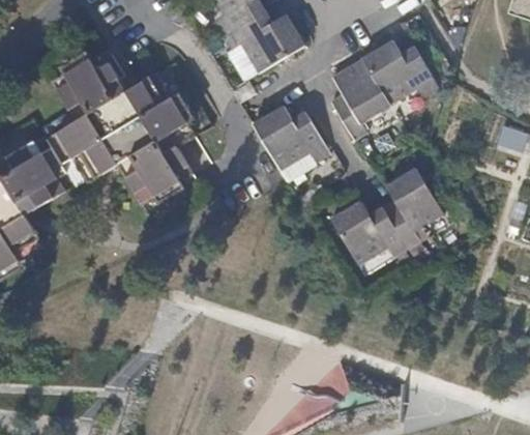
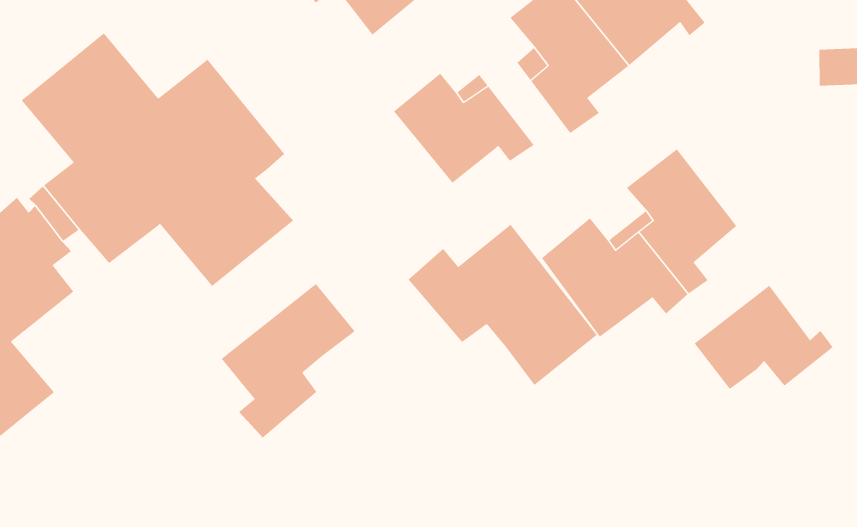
building: none -> [408,224,598,386]
building: none -> [221,283,355,439]
building: none -> [694,285,834,390]

